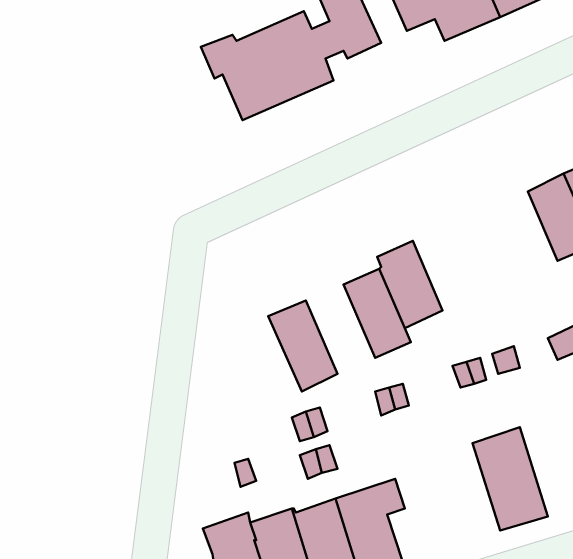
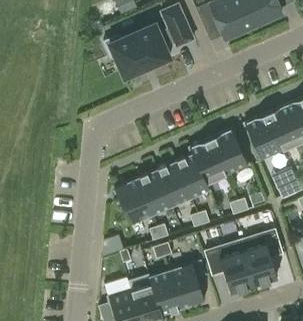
building: none -> [245,113,283,159]
building: none -> [210,129,248,174]
building: none -> [156,161,191,206]
building: none -> [114,177,154,225]
building: none -> [217,241,254,293]

